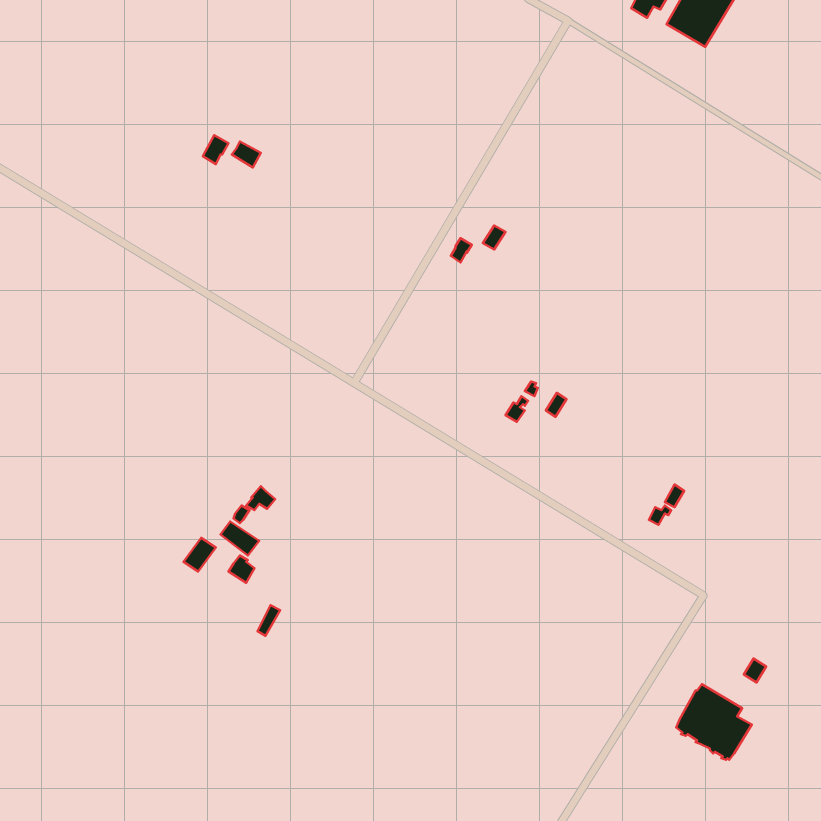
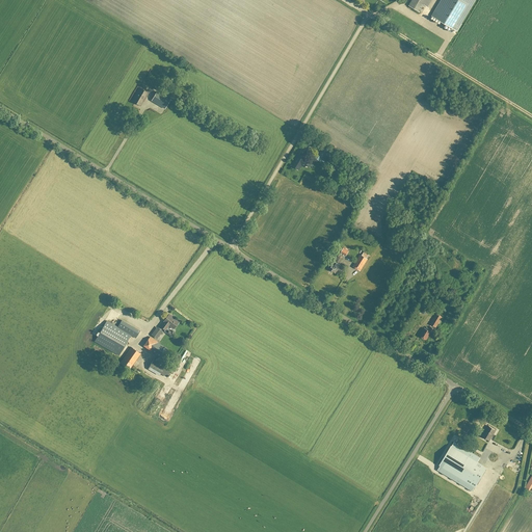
building: none -> [94,320,139,355]

